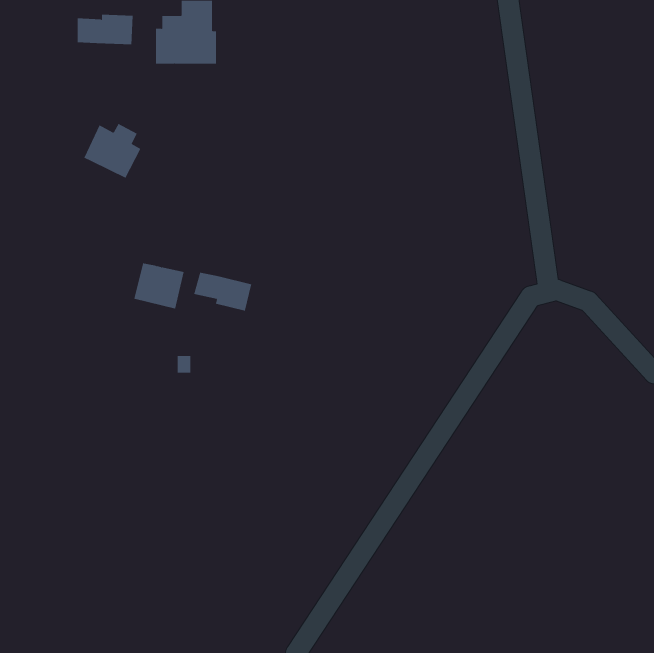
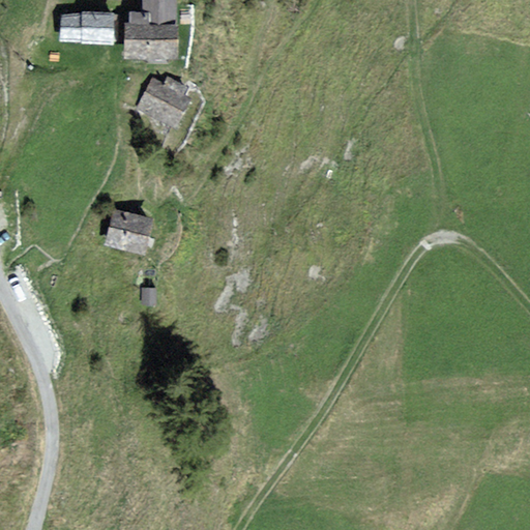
building: [84,123,141,178] -> [140,77,186,121]
building: [193,272,252,311] -> none

